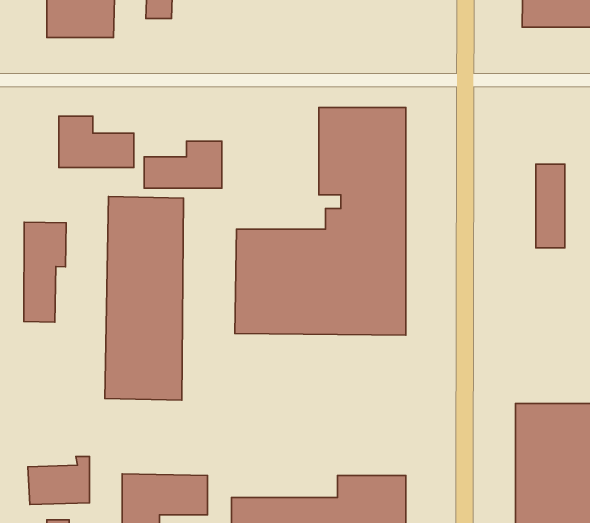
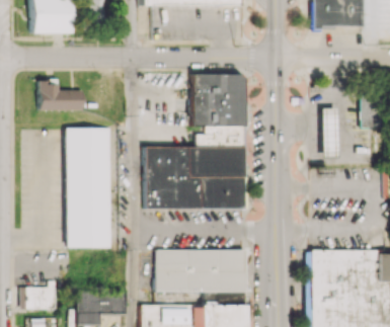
building: [144,141,222,188] -> none
building: [24,222,66,322] -> none
building: none -> [155,250,245,292]

